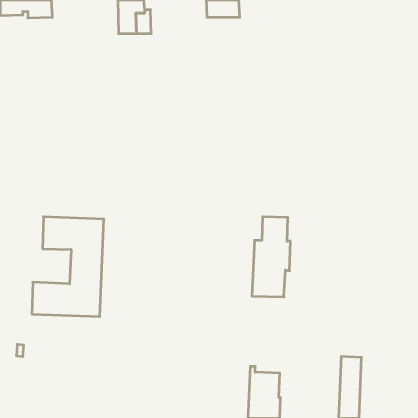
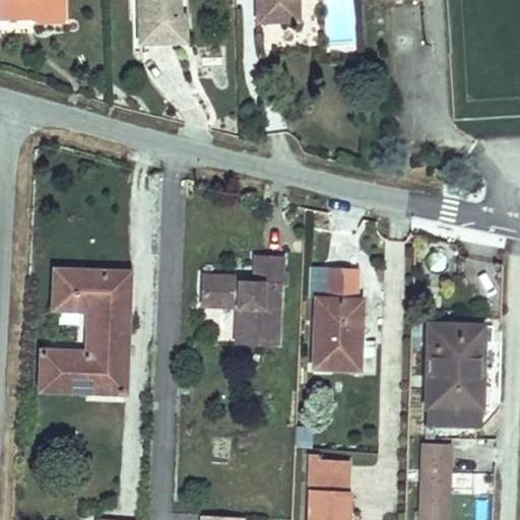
building: none -> [203,257,281,343]
building: none -> [425,321,483,437]

